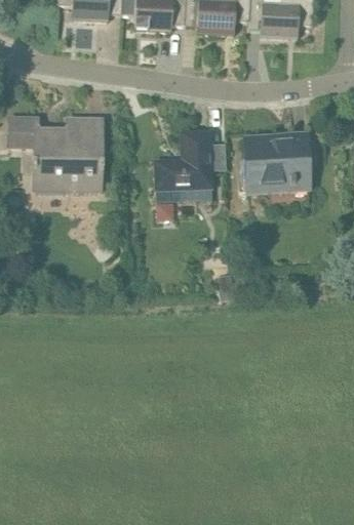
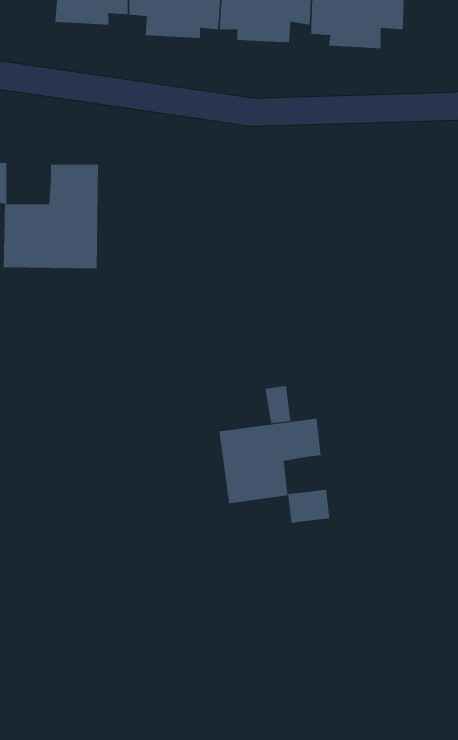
building: [156,131,210,199] -> none
building: [244,134,309,192] -> none
building: none -> [219,418,330,524]

